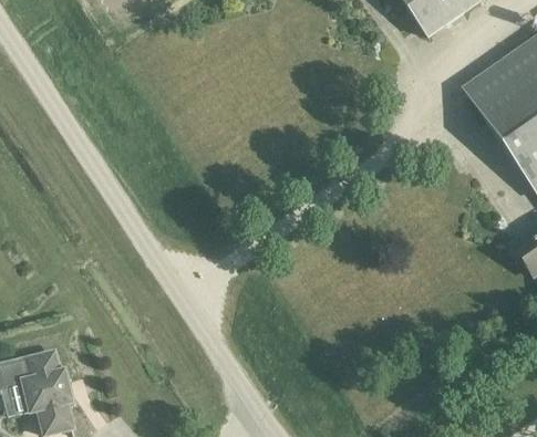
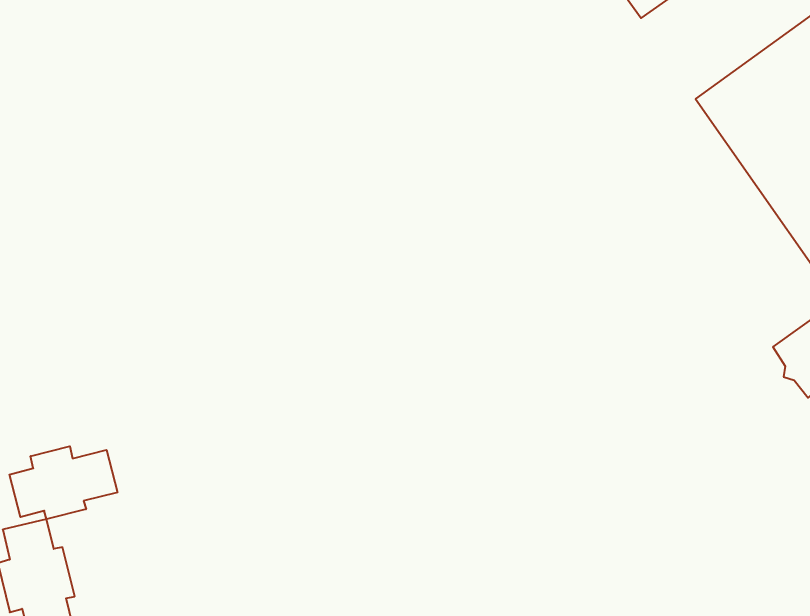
building: none -> [9,446,117,519]

